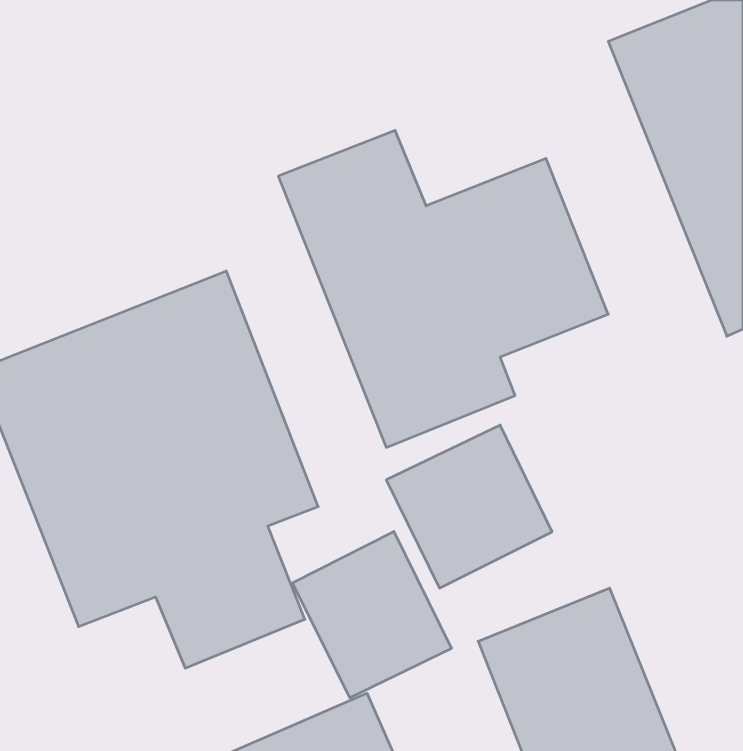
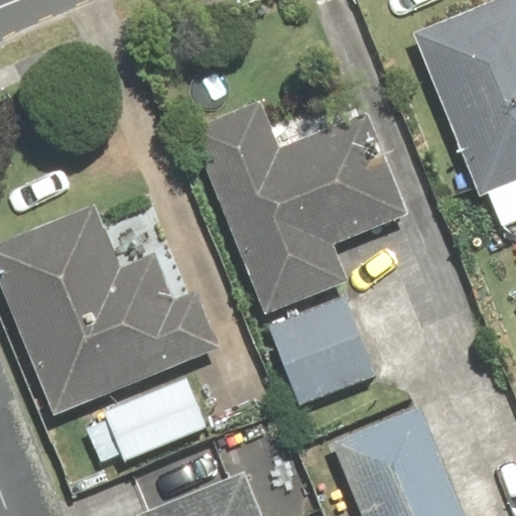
building: [293,531,451,698] -> none

